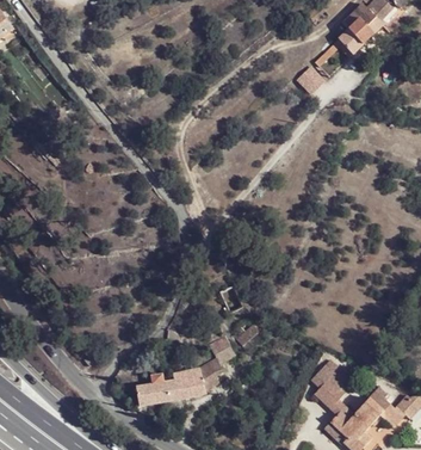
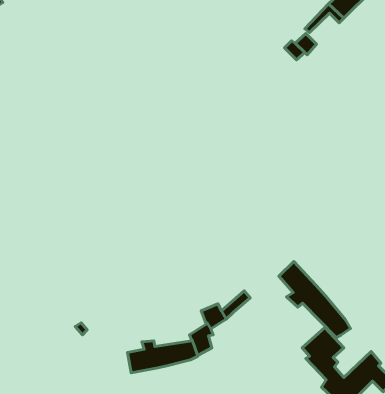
building: none -> [279,262,351,338]

